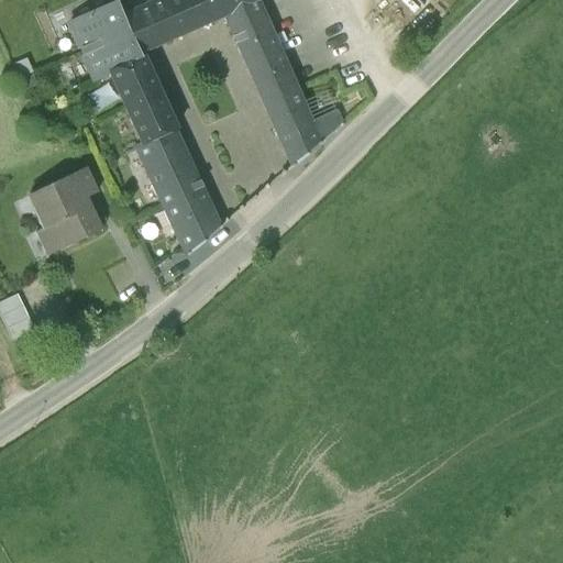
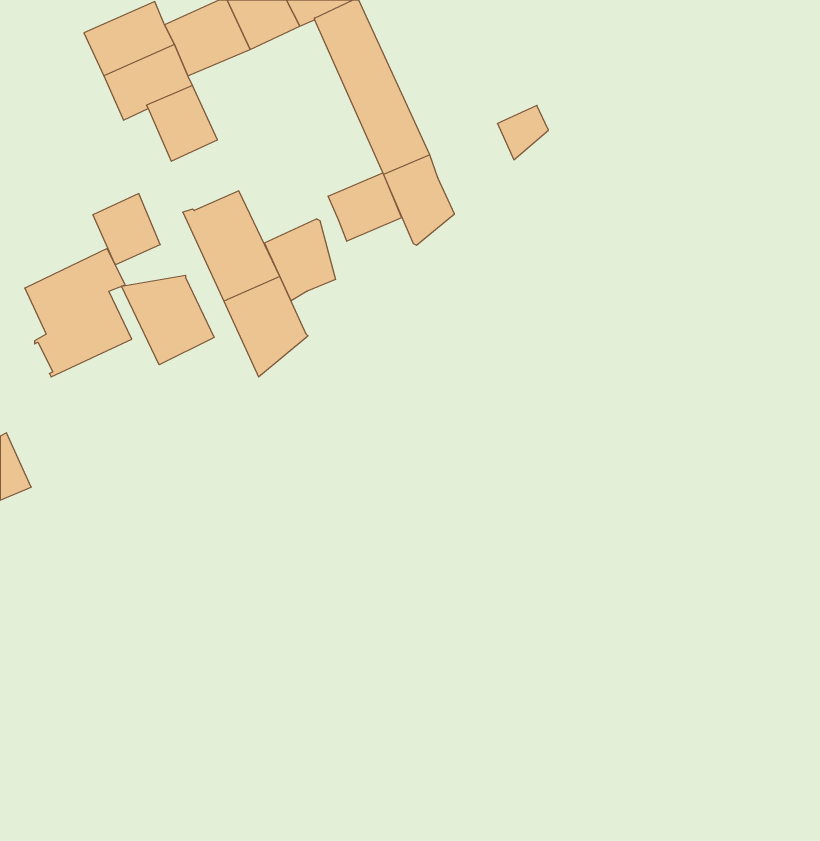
building: [129,93,174,141] -> [93,194,160,264]
building: [307,107,341,143] -> [497,105,548,160]
building: none -> [328,173,402,241]
building: none -> [264,219,335,301]
building: none -> [122,275,214,365]

